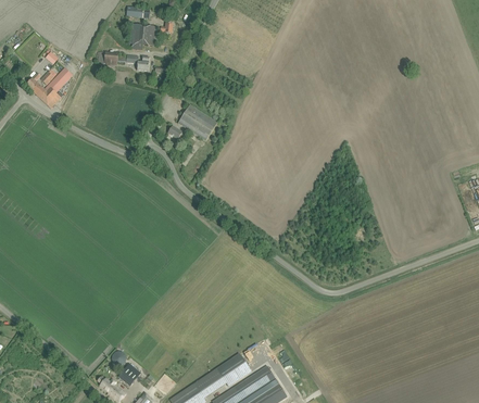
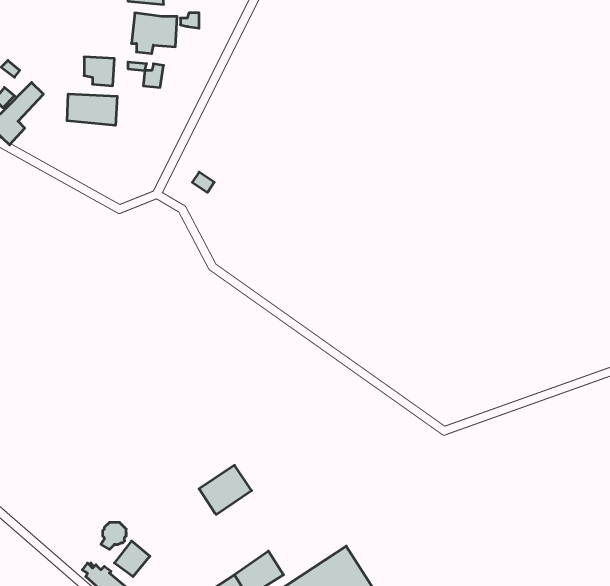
building: none -> [67,94,117,125]
building: [178,104,218,140] -> none
building: [217,353,251,385] -> [199,465,252,514]

